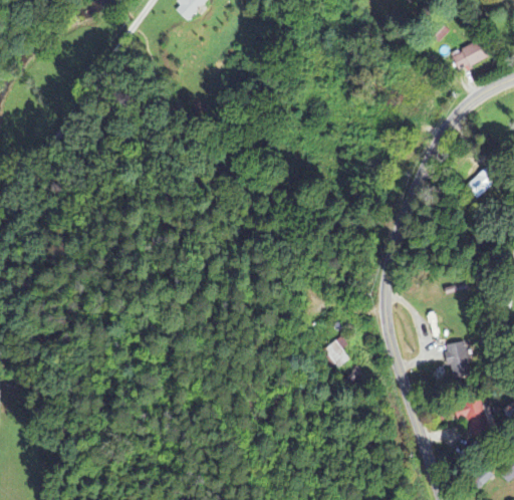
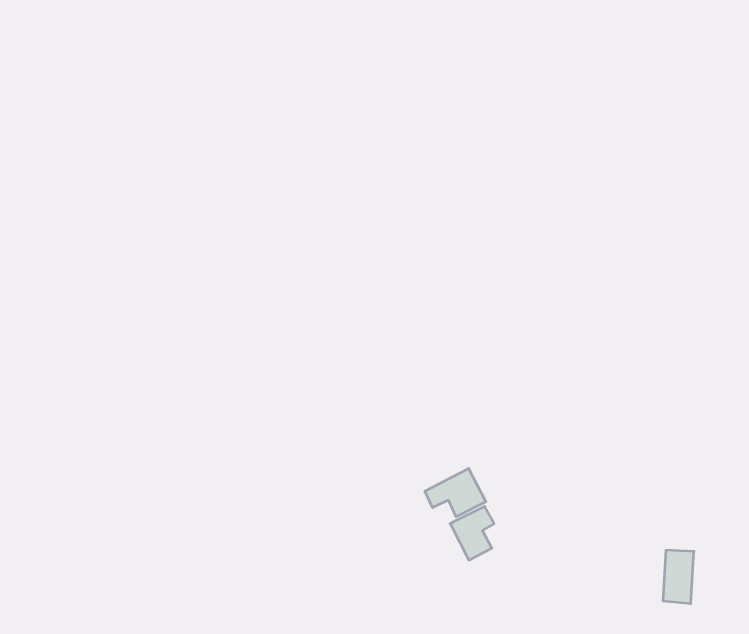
building: none -> [425,468,486,517]

